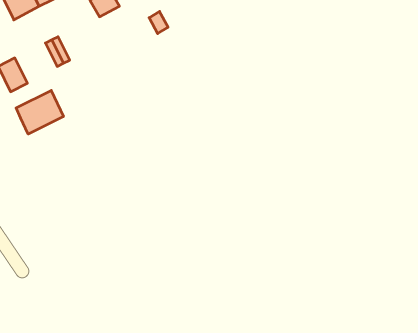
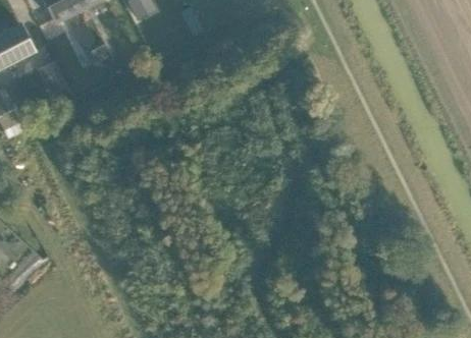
building: [16,90,63,134] -> none

